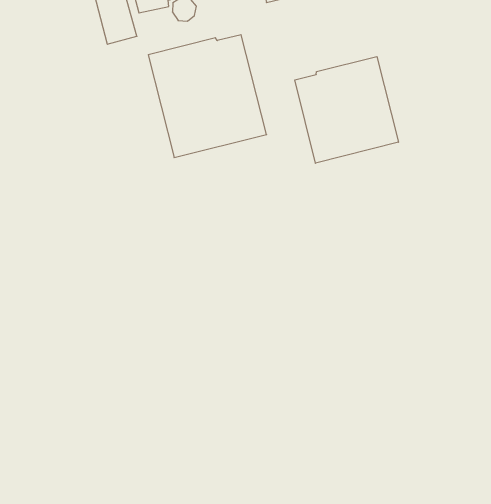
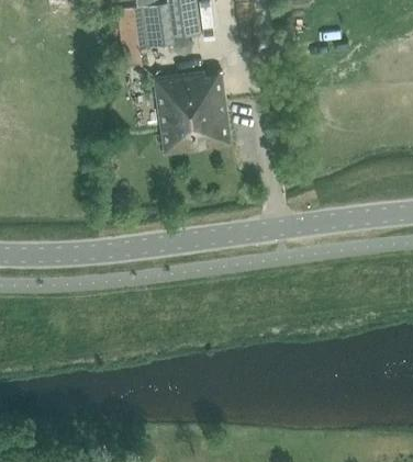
building: [295,57,398,163] -> none

